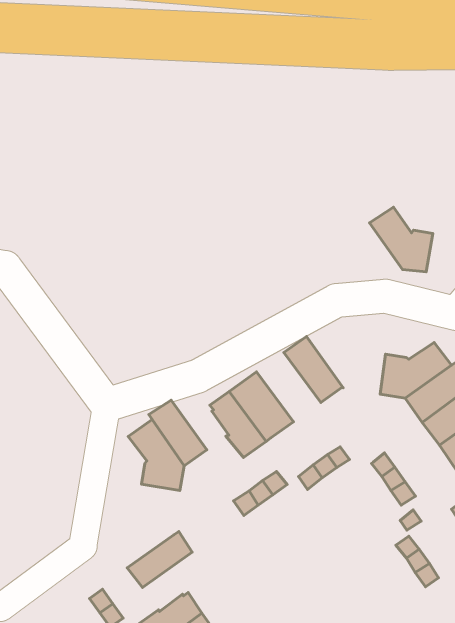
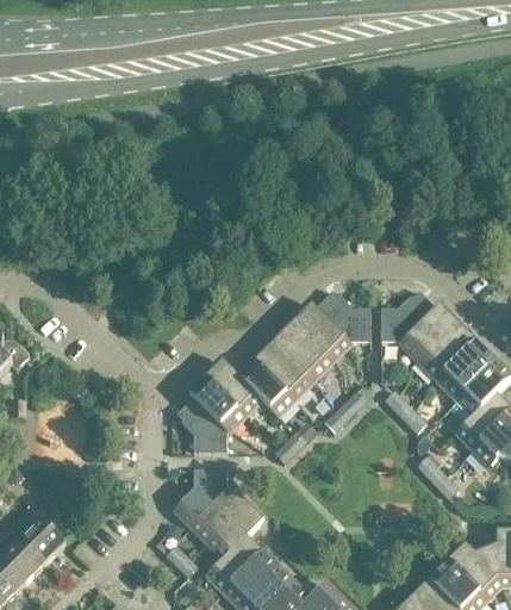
building: [369,207,433,272] -> [313,292,368,343]
building: none -> [273,322,331,379]
building: none -> [205,360,258,415]
building: none -> [175,469,226,525]
building: none -> [207,503,263,558]

